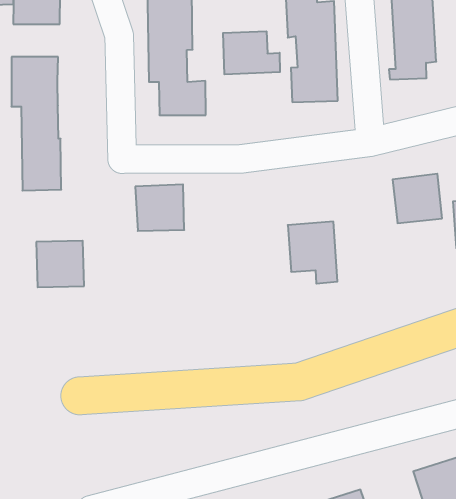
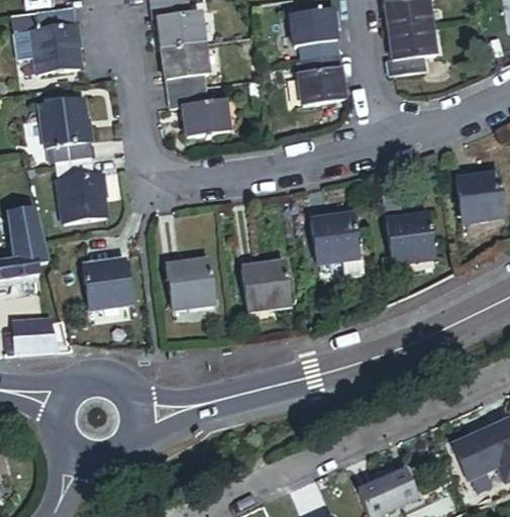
building: [223,31,280,74] -> none
building: [393,174,442,223] -> [392,213,441,263]
building: [135,184,184,231] -> [166,260,215,307]
building: none -> [243,261,292,310]

